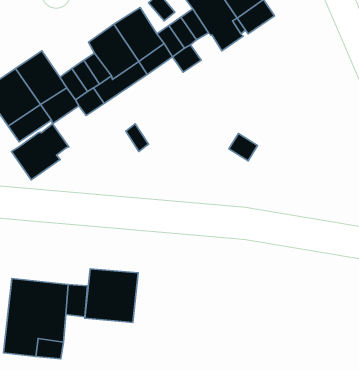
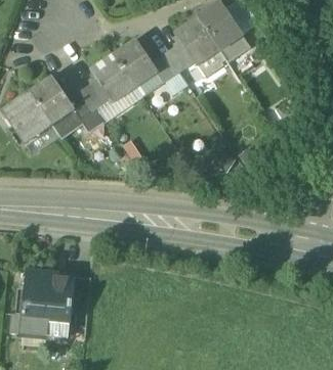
building: [11,124,69,180] -> none
building: [85,269,138,322] -> none

